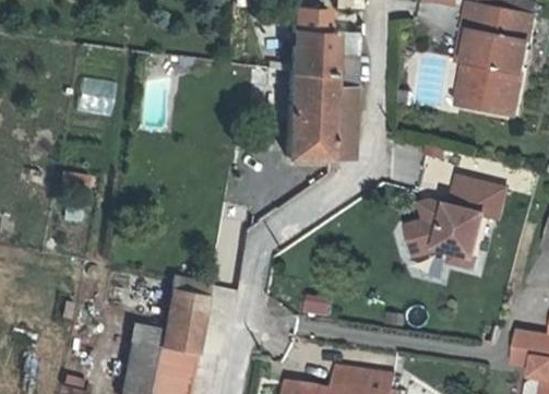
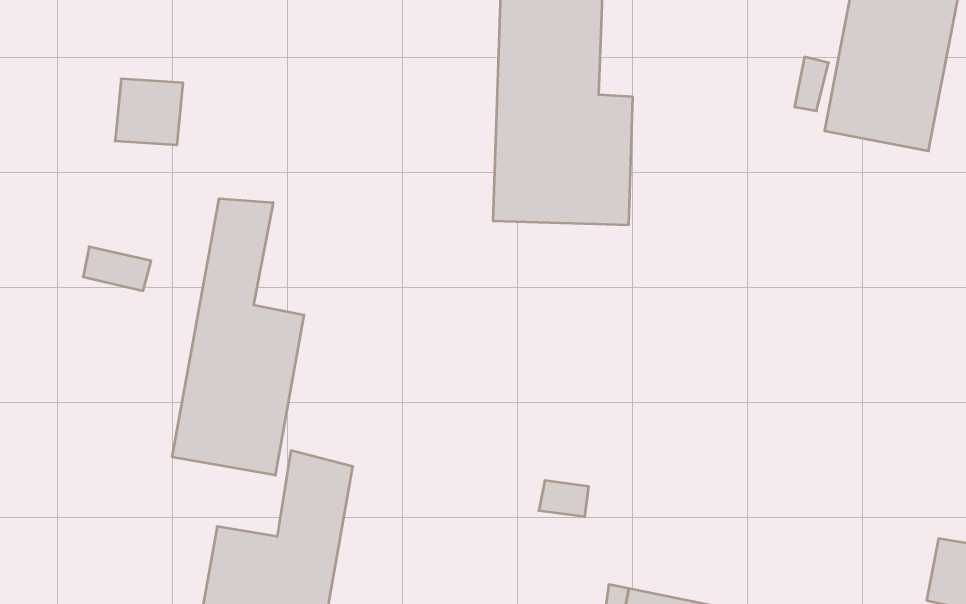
building: none -> [172,199,304,475]
building: [410,174,514,268] -> none

